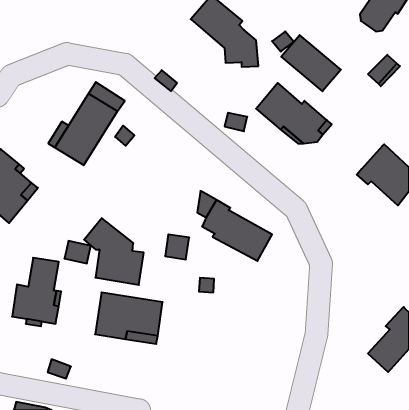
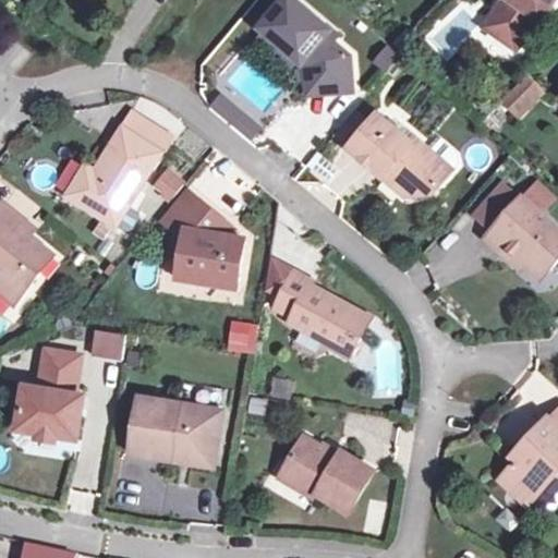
building: [281,35,341,91] -> none
building: none -> [473,182,518,229]
building: [84,218,144,285] -> [162,191,243,281]
building: none -> [278,435,372,511]

